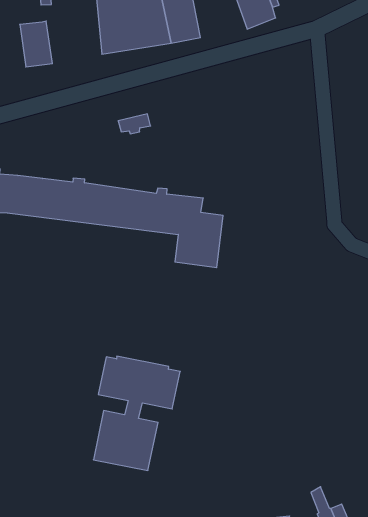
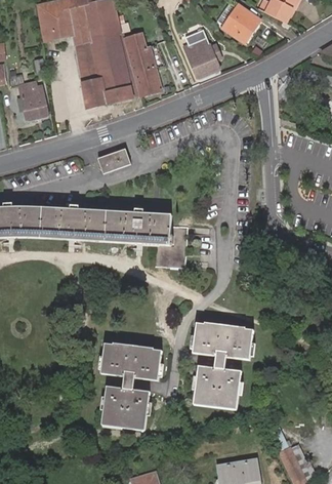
building: none -> [193,321,254,409]

